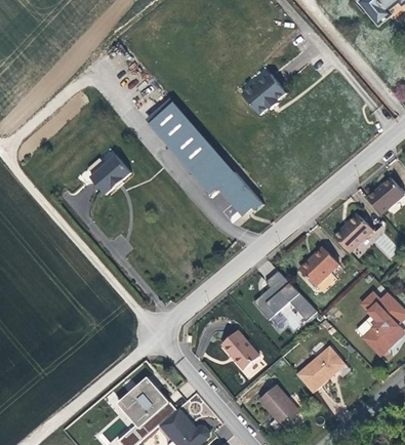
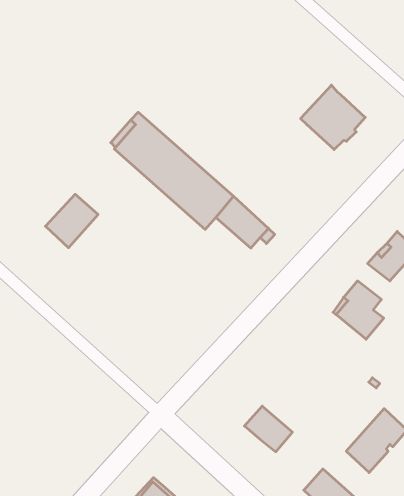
building: [237,66,286,115] -> [301,85,365,150]
building: [252,272,315,321] -> none

